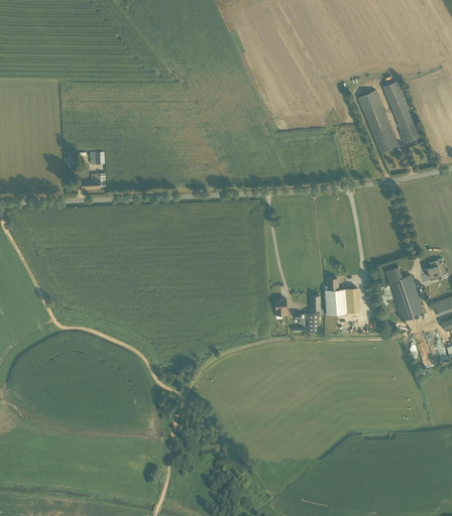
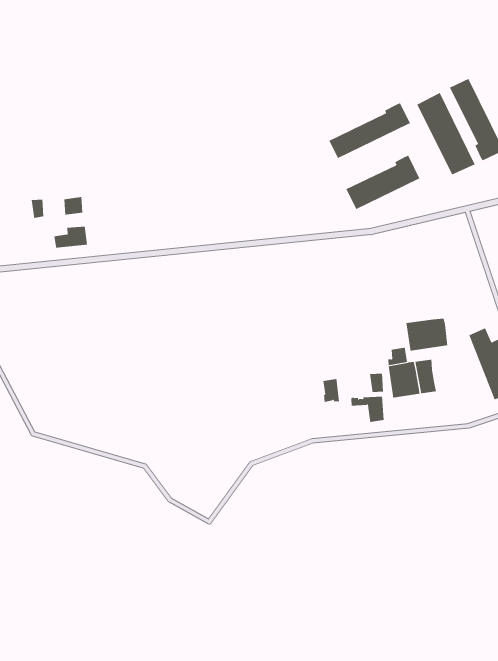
building: none -> [328,102,411,159]
building: none -> [346,155,420,210]
building: none -> [406,318,448,352]

